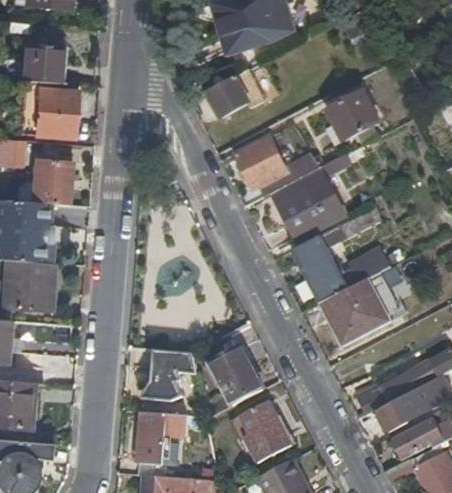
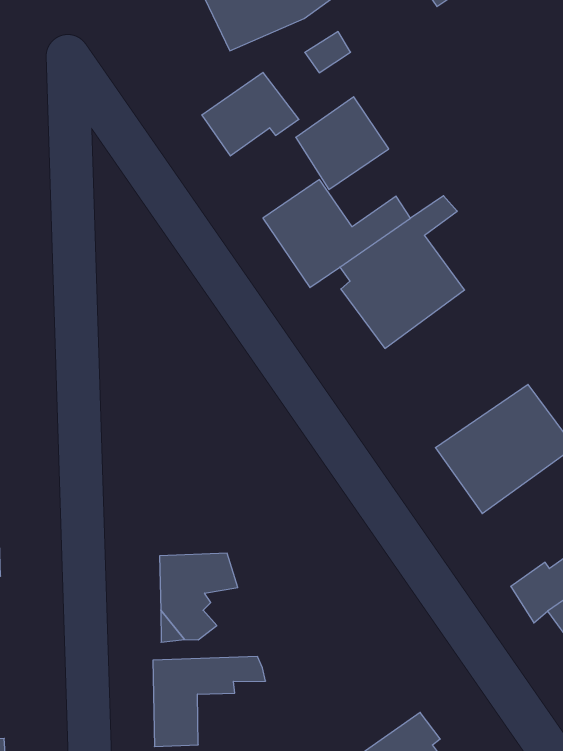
building: [328,90,382,143] -> [296,97,389,190]
building: [292,206,393,304] -> none
building: [202,347,265,422] -> none
building: [241,401,295,464] -> none

